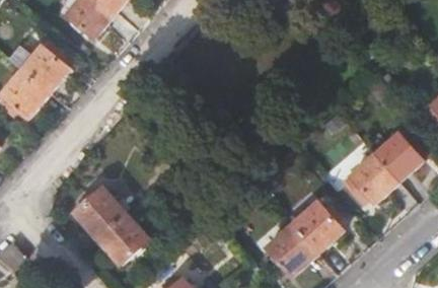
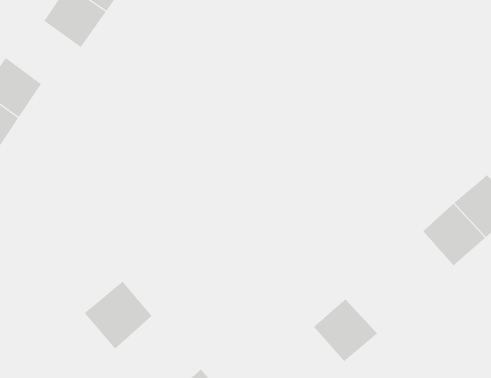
building: [74,188,126,238] -> none
building: [293,206,341,254] -> none

